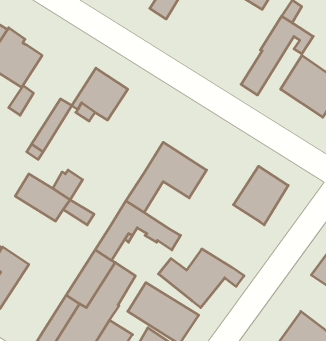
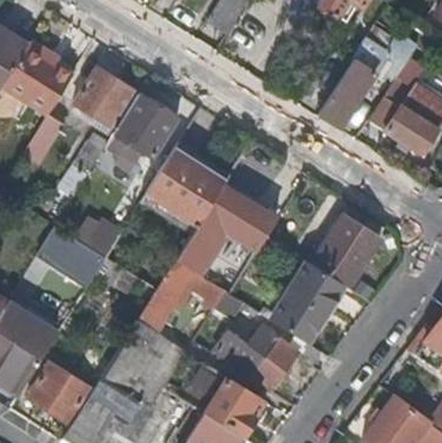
building: none -> [73,67,133,127]
building: none -> [147,148,226,223]
building: none -> [269,260,343,340]
building: none -> [27,362,90,422]

